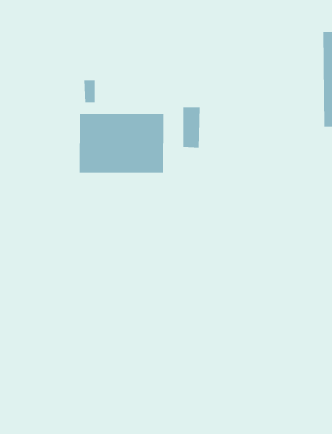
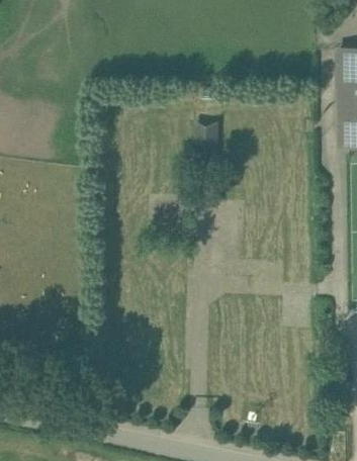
building: [79,113,164,173] -> none

